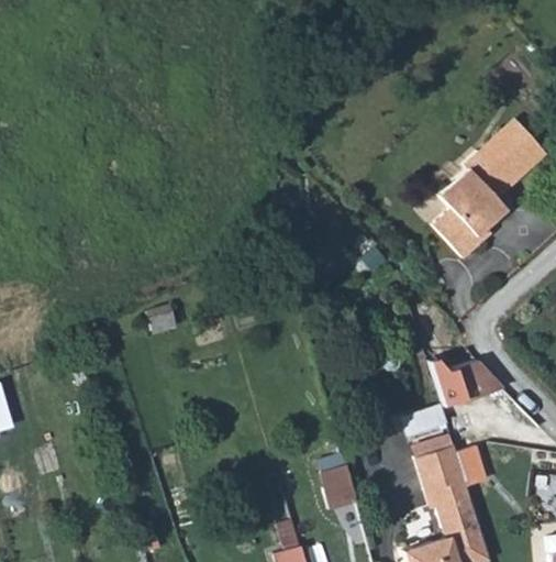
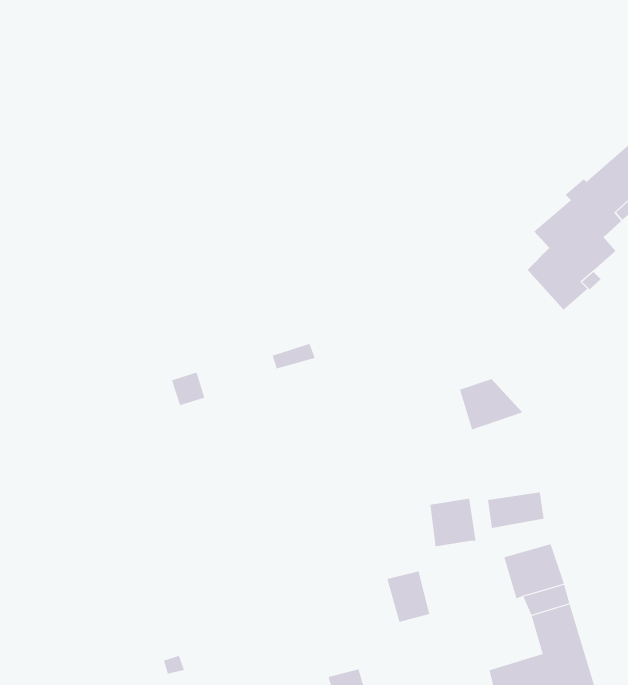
building: [448,359,500,400] -> [459,378,523,430]
building: none -> [430,498,476,547]

